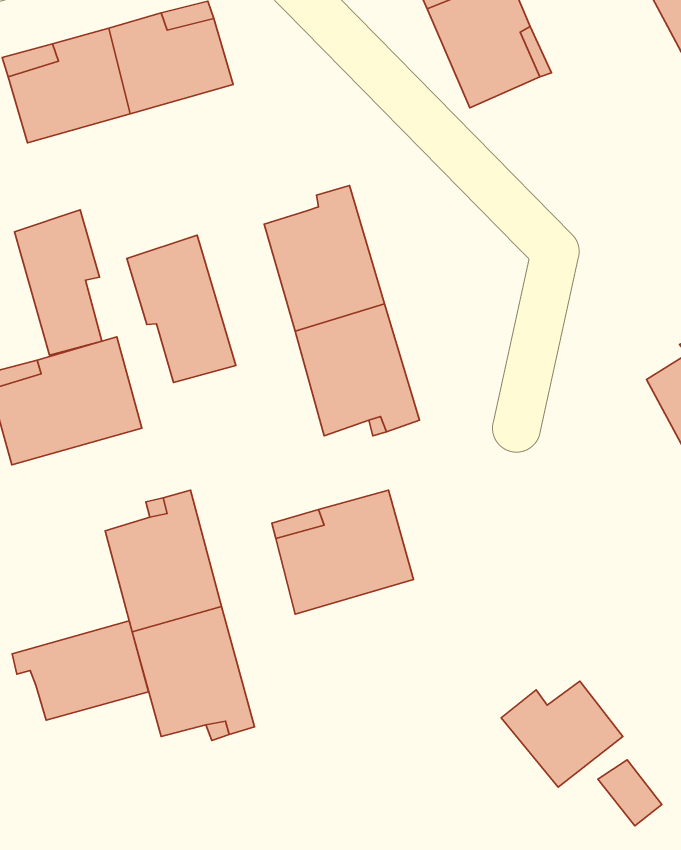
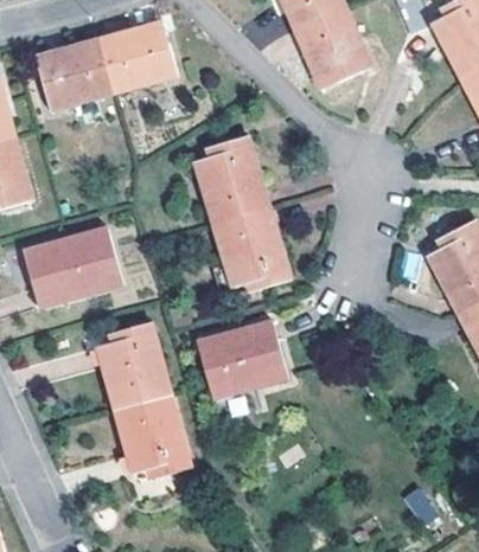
building: [15,210,102,355] -> none
building: [127,235,236,383] -> none
building: [12,621,149,720] -> none
building: [501,681,623,787] -> none

